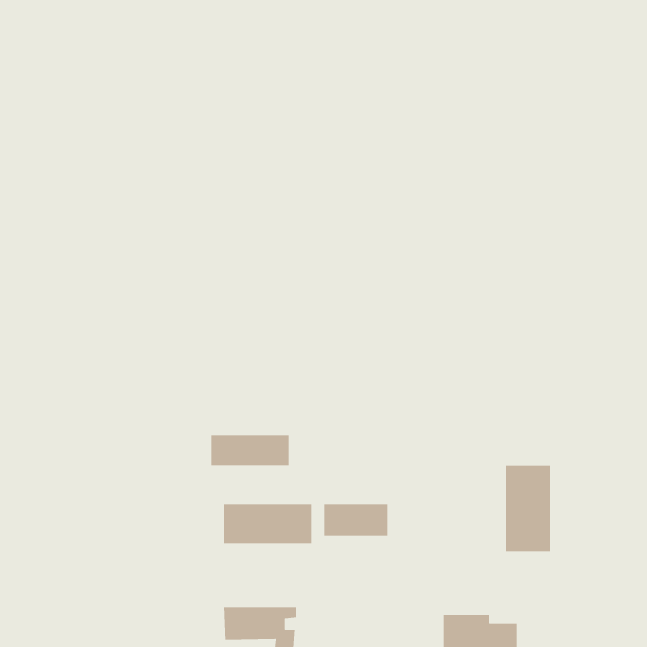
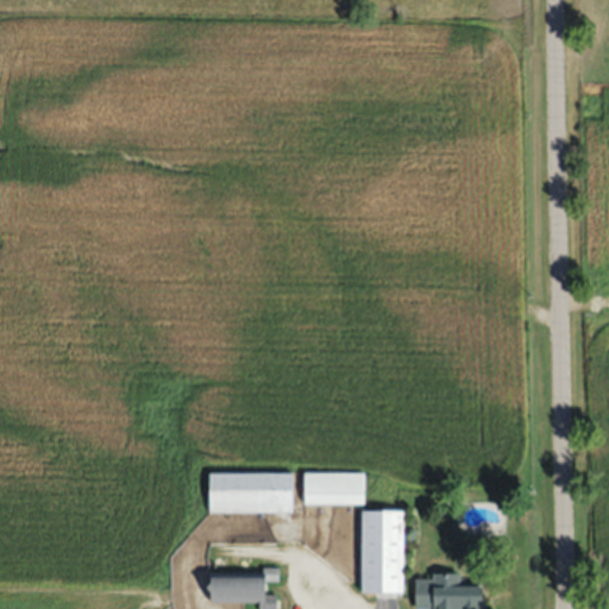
building: [211,434,289,466] -> none
building: [505,465,551,552] -> [360,510,403,592]

